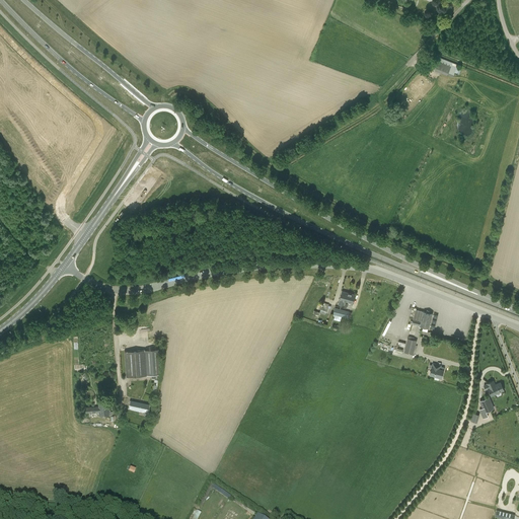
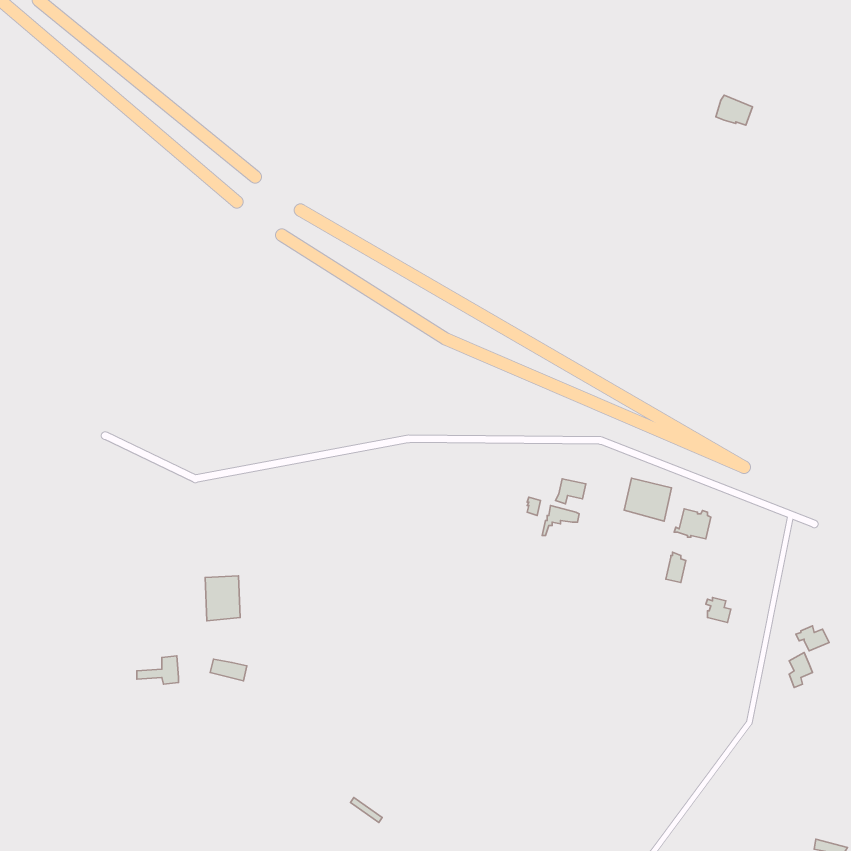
building: none -> [624,478,672,521]

